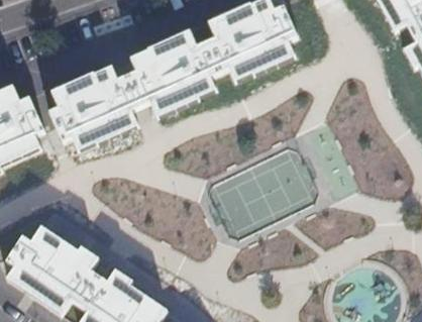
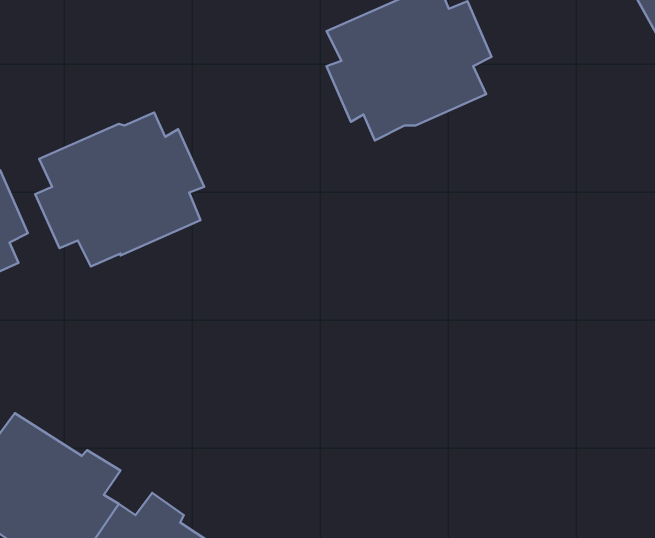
building: [130,27,224,113] -> none

